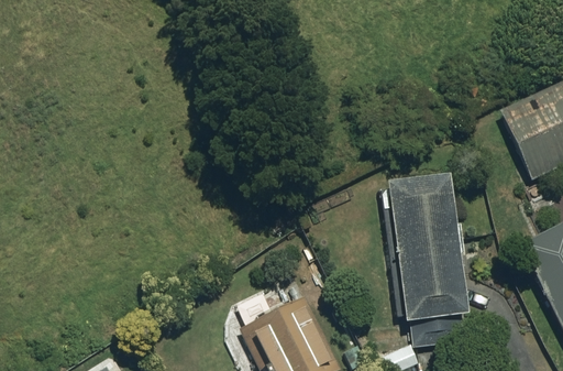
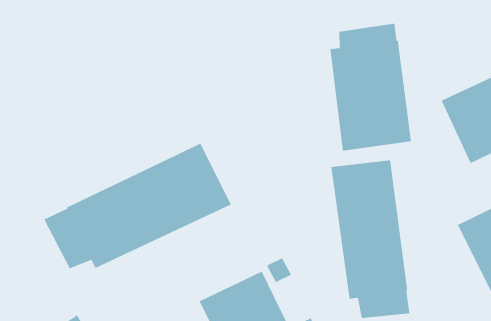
building: none -> [330,23,411,151]
building: none -> [44,143,231,269]

